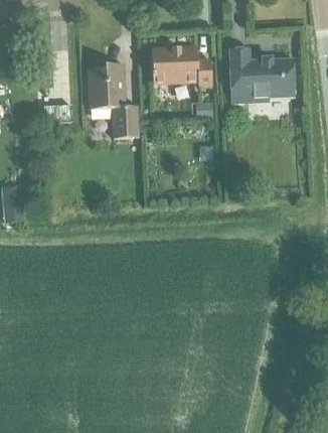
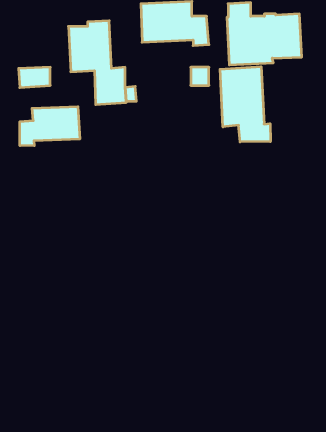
building: none -> [220,67,270,142]
building: none -> [20,107,80,146]

